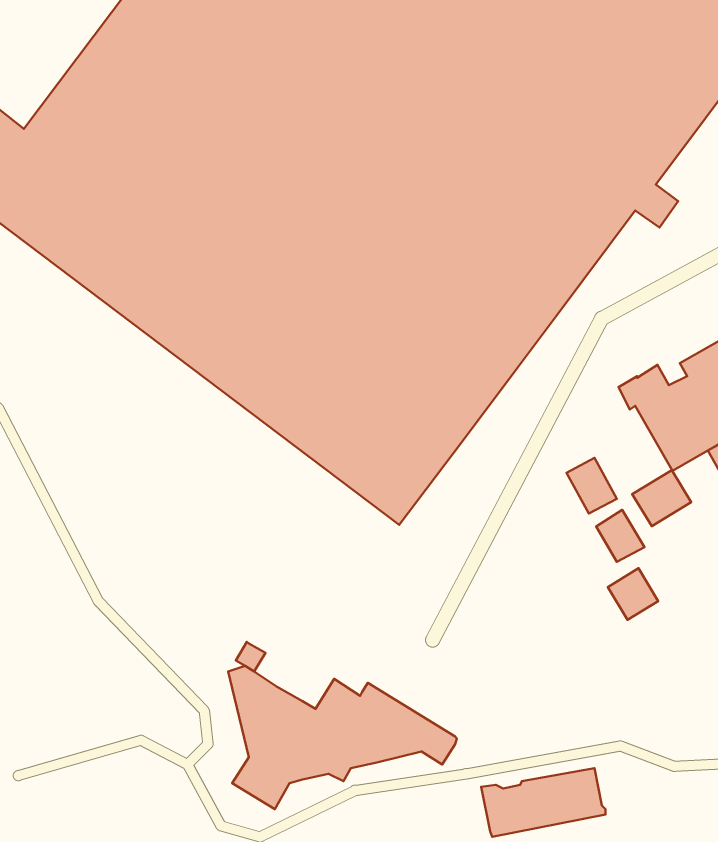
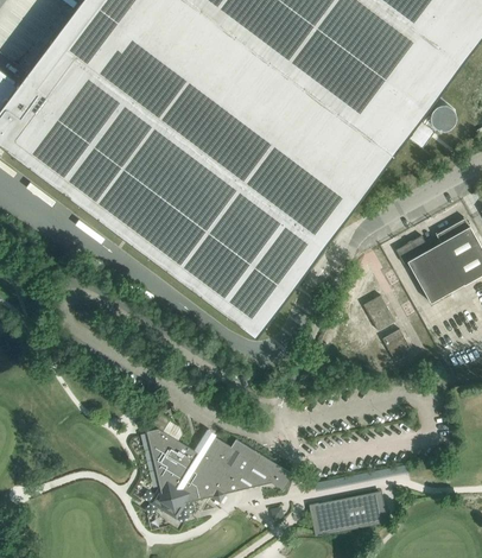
building: [632,470,691,526] -> none
building: [608,568,658,620] -> none

